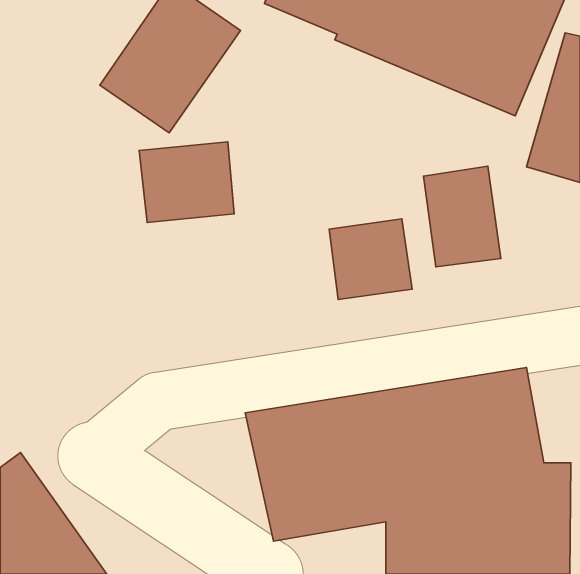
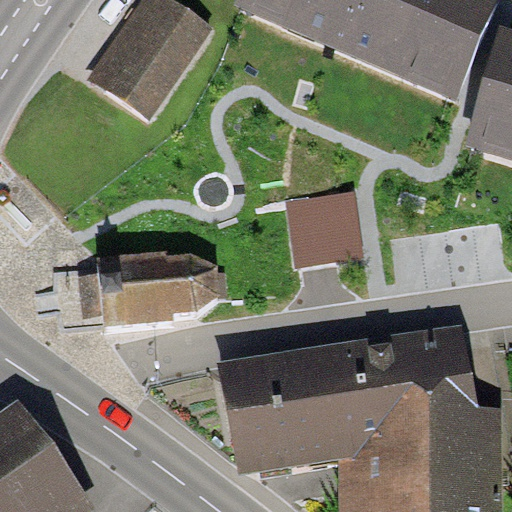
building: [139,142,234,222] -> none
building: [423,166,501,267] -> none
building: none -> [97,250,221,328]

